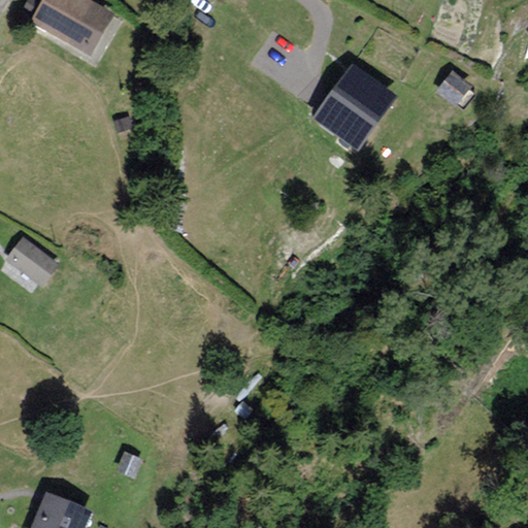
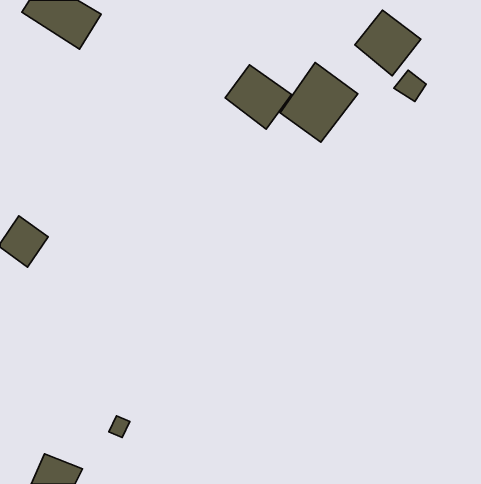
building: none -> [355,10,421,76]
building: none -> [225,65,291,129]

